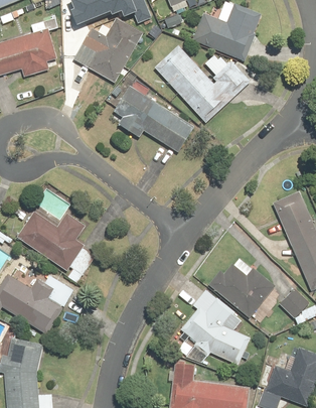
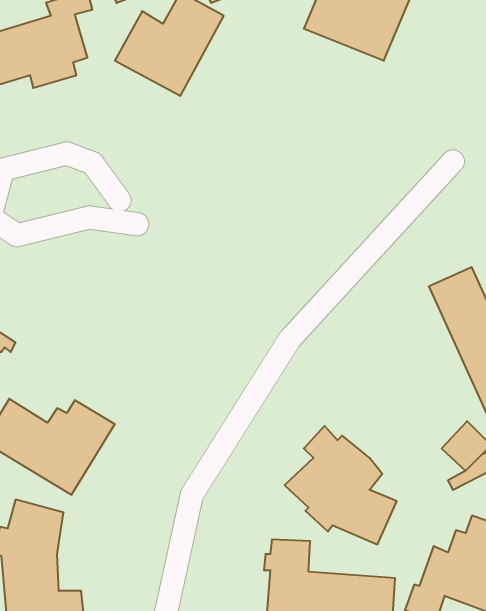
building: [154,44,251,123] -> none
building: [113,86,194,151] -> none
building: [18,212,96,284] -> none
building: [209,257,277,318] -> none

